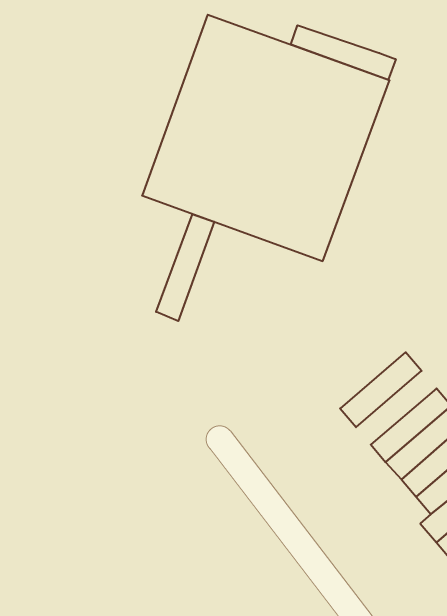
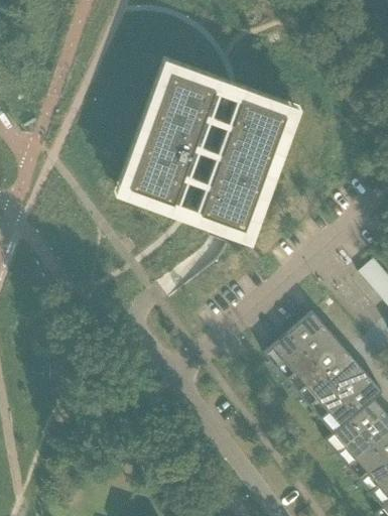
building: [291,25,396,80] -> none
building: [156,214,214,321] -> none
building: none -> [278,327,339,382]

